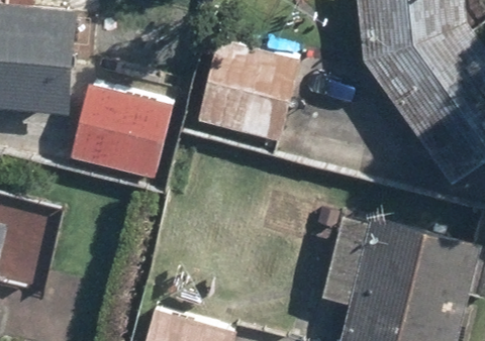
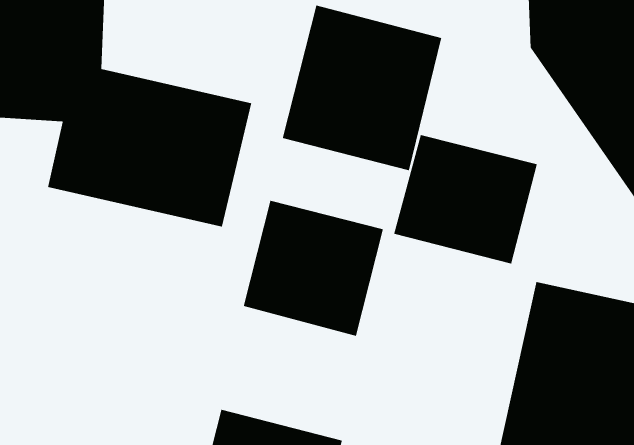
building: none -> [393,134,538,265]
building: none -> [243,200,384,337]

